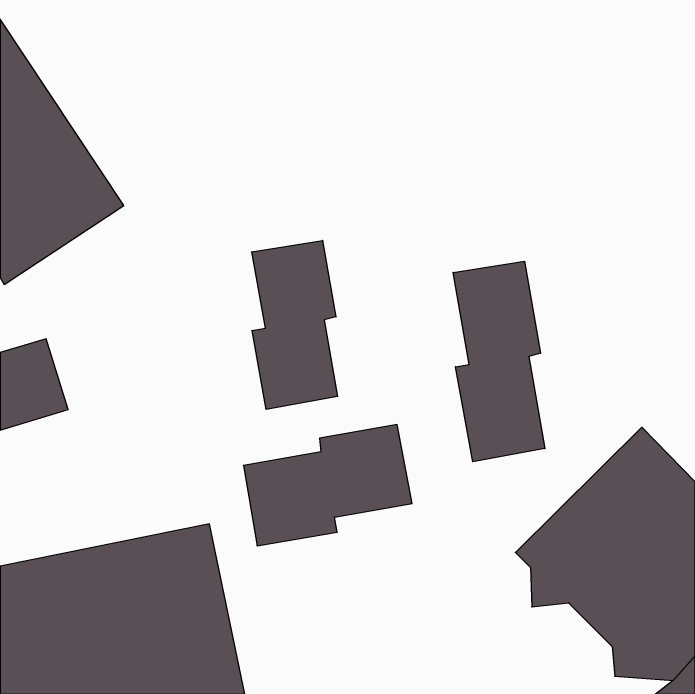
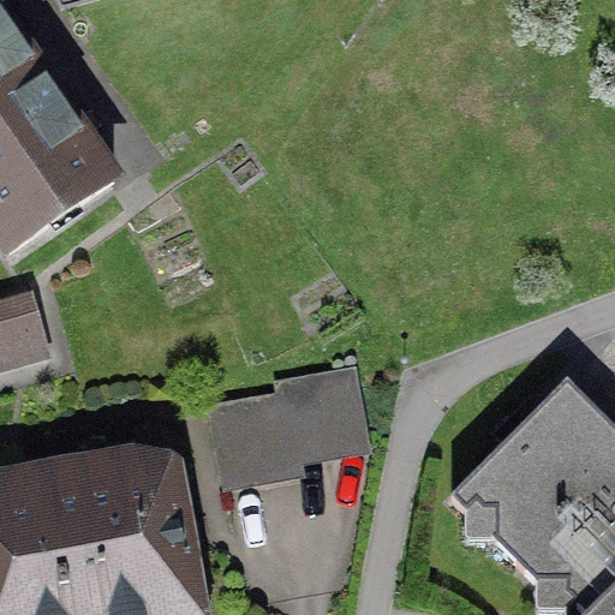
building: [252,240,338,409] -> none
building: [453,261,545,462] -> none

